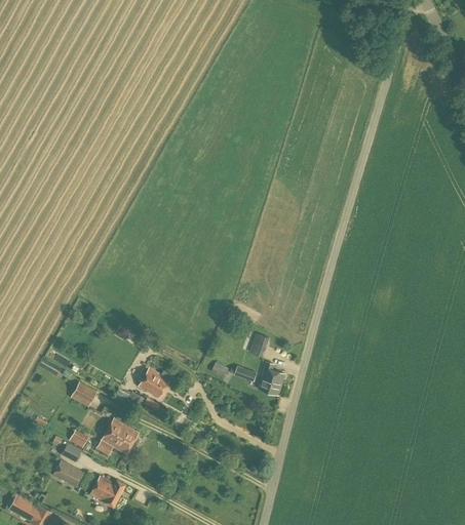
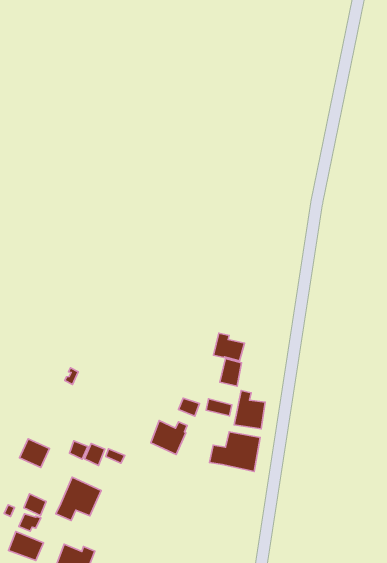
building: none -> [213,333,244,361]
building: [139,368,171,399] -> [151,420,187,454]
building: none -> [210,432,260,471]

